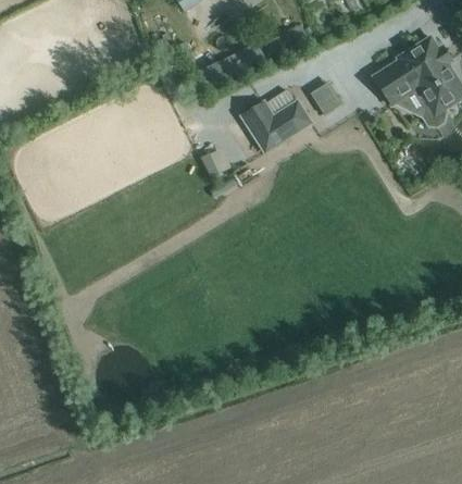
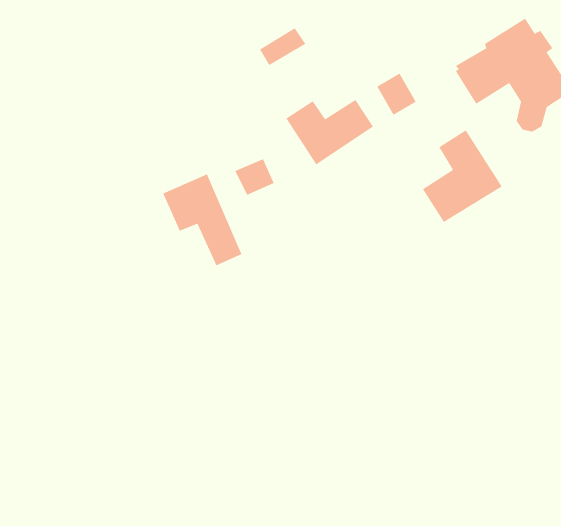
building: none -> [422,129,502,223]
building: none -> [163,173,242,266]

